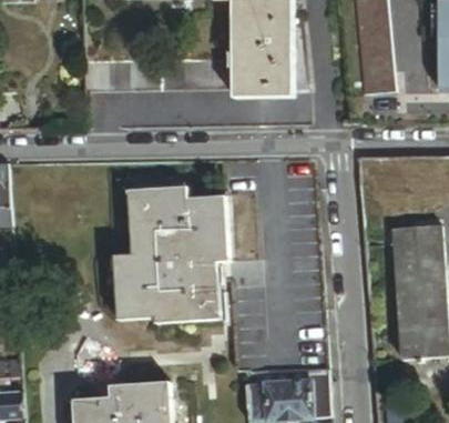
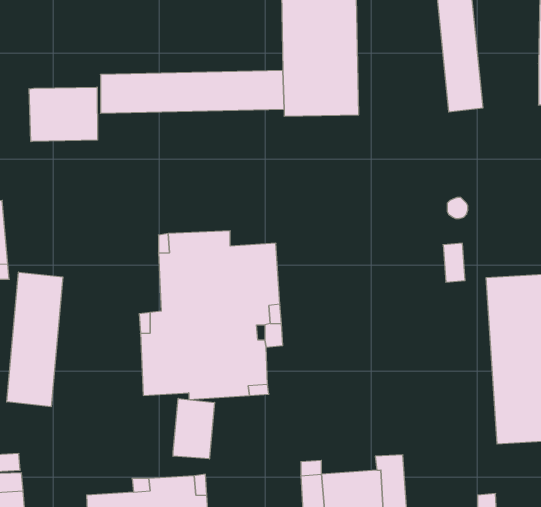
building: none -> [29,87,97,142]
building: none -> [7,272,63,407]
building: none -> [173,398,215,459]

